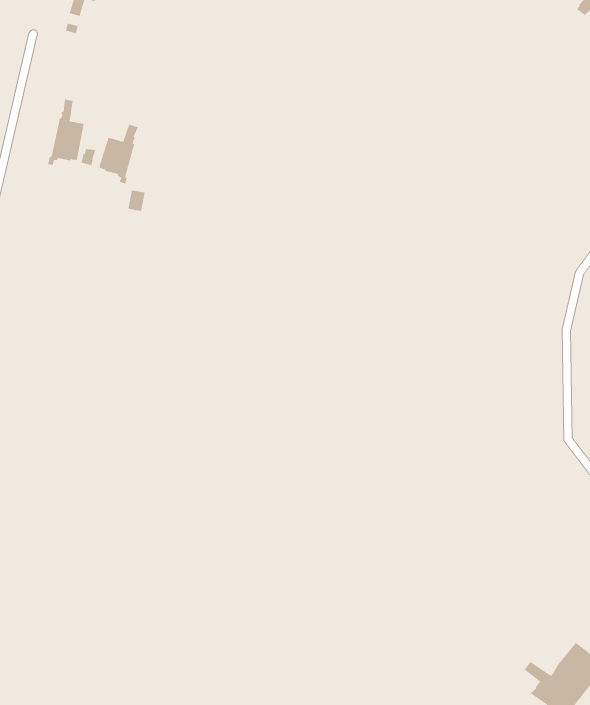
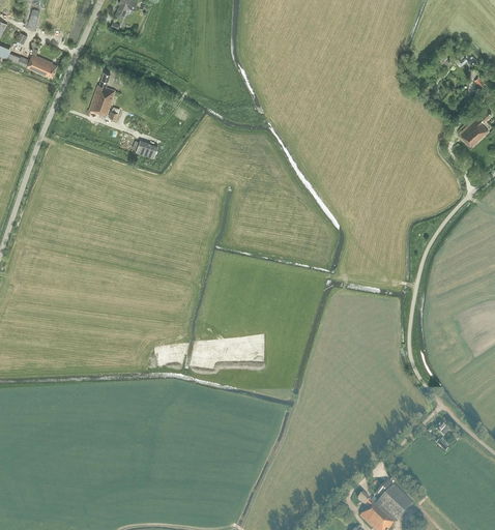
building: [99,124,139,184] -> none

